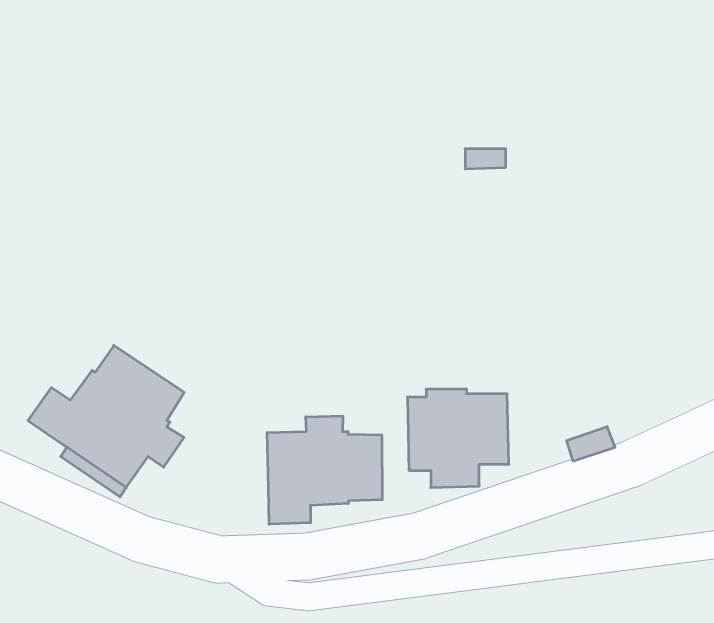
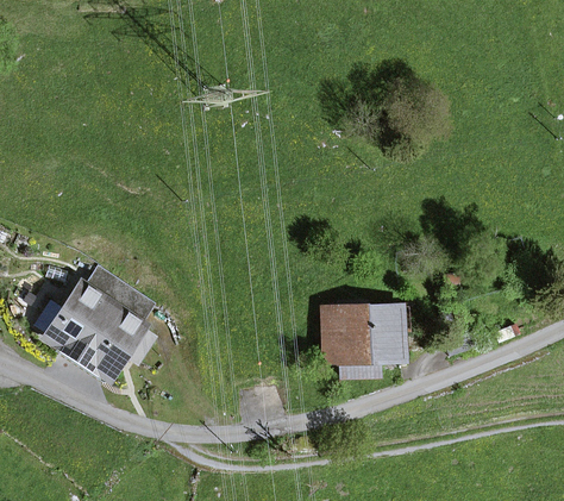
building: [267,416,382,524] -> none

